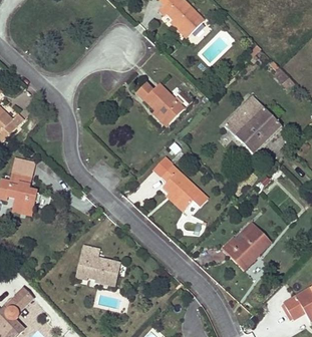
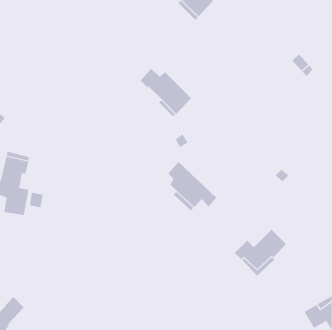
building: [224,87,281,154] -> none
building: [77,247,118,286] -> none

